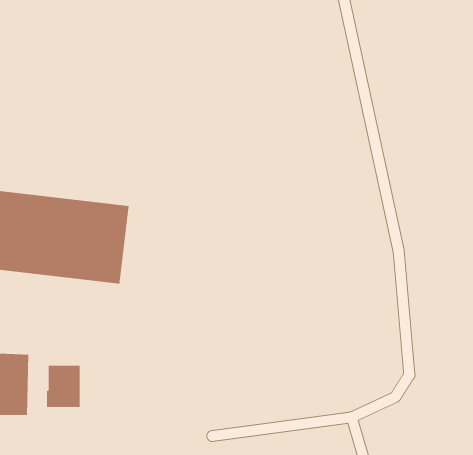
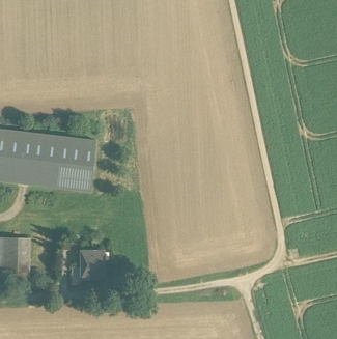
building: [46,365,81,407] -> [80,250,103,278]

